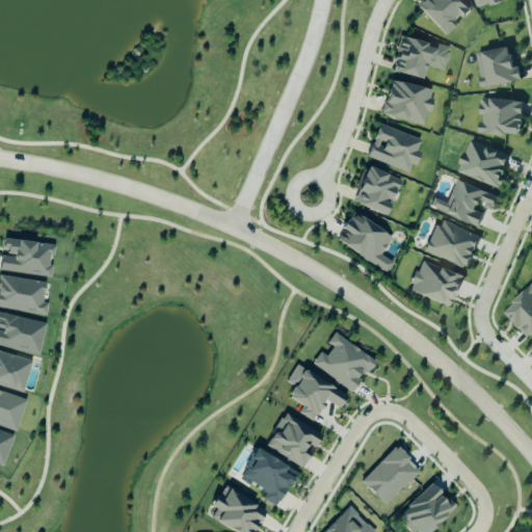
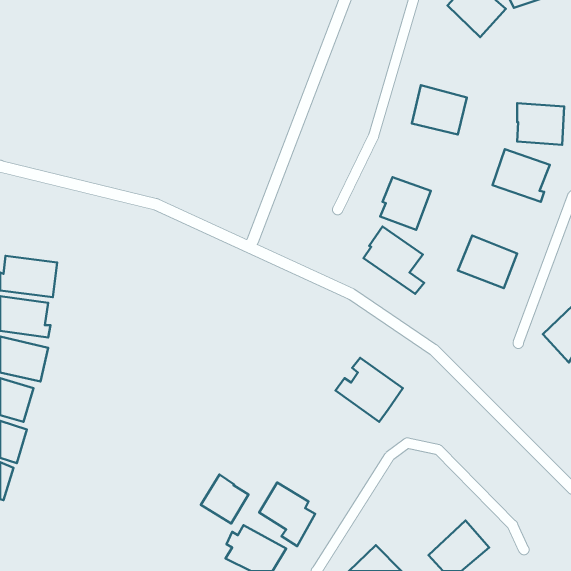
building: [394,35,451,79] -> none
building: [478,48,523,86] -> none
building: [368,123,422,171] -> none
building: [444,177,500,224] -> none
building: [409,259,463,305] -> none
building: [288,364,349,420] -> none
building: [267,413,322,466] -> none
building: none -> [201,474,249,523]
building: [362,445,421,504] -> none

